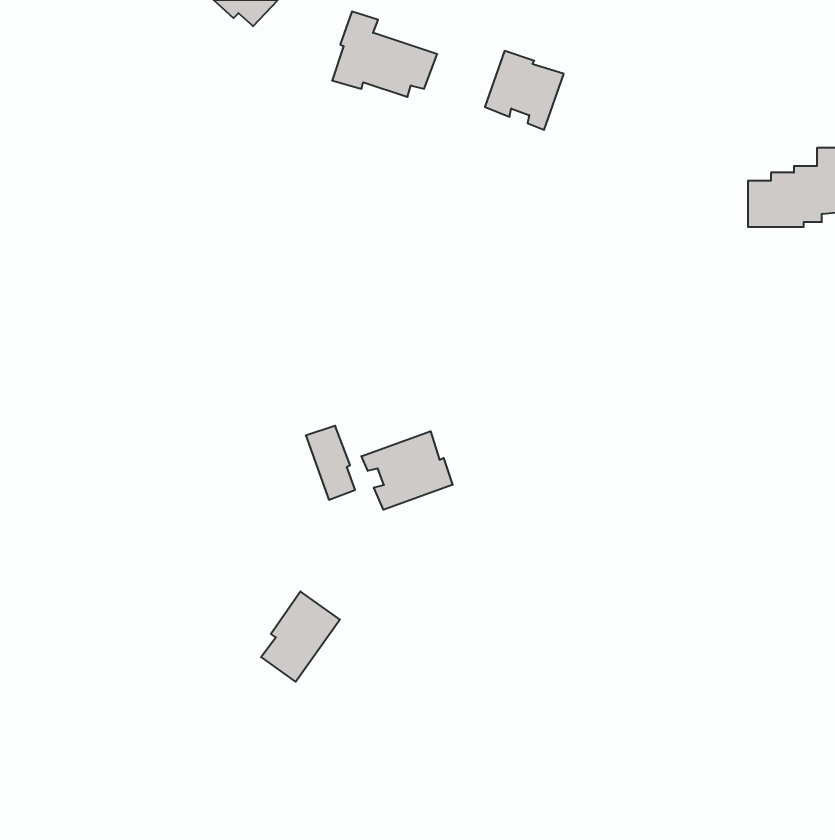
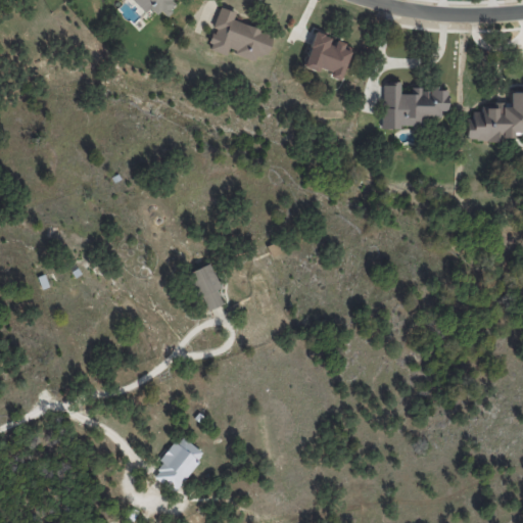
building: none -> [383,82,447,128]
building: [361,431,453,510] -> none
building: [261,591,340,682] -> [156,435,205,491]

